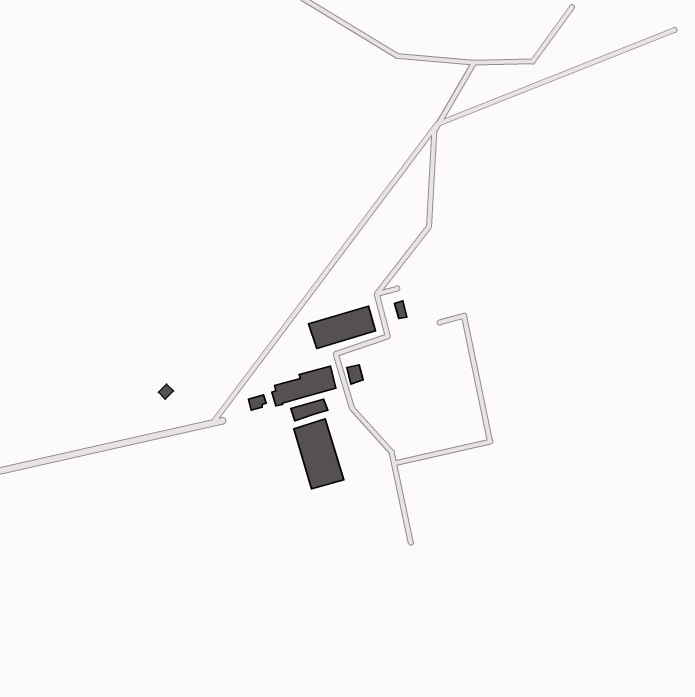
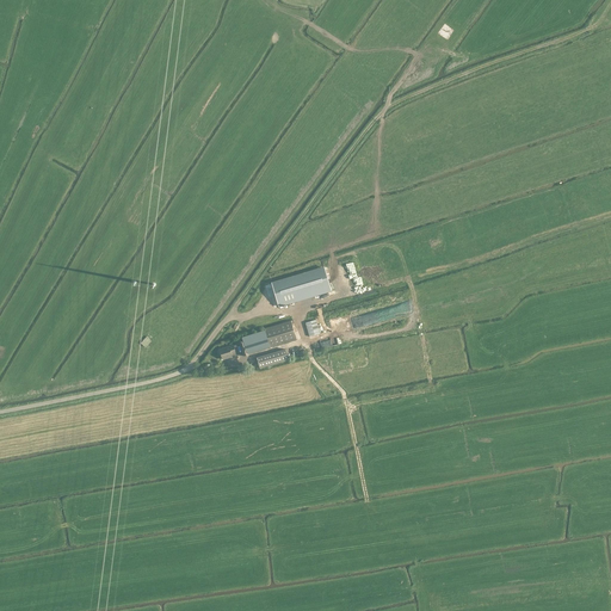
building: [294,419,344,489] -> none

